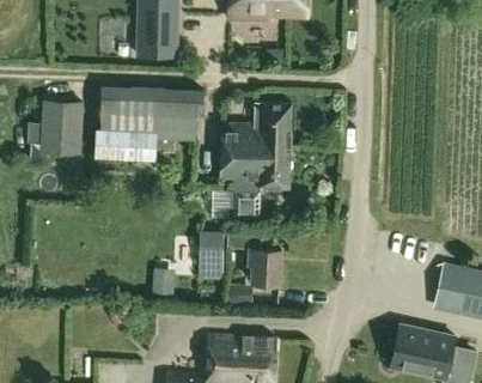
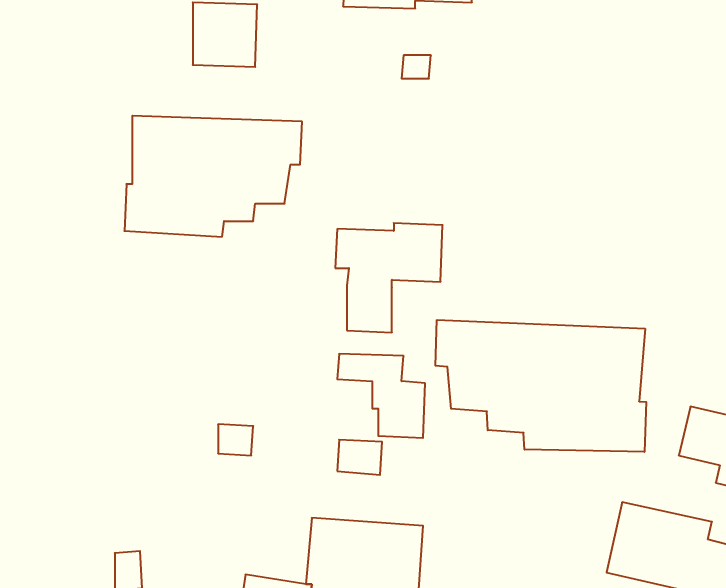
building: [41,101,85,153] -> none
building: [226,102,293,157] -> none
building: none -> [435,320,646,452]
building: [201,230,225,279] -> none

